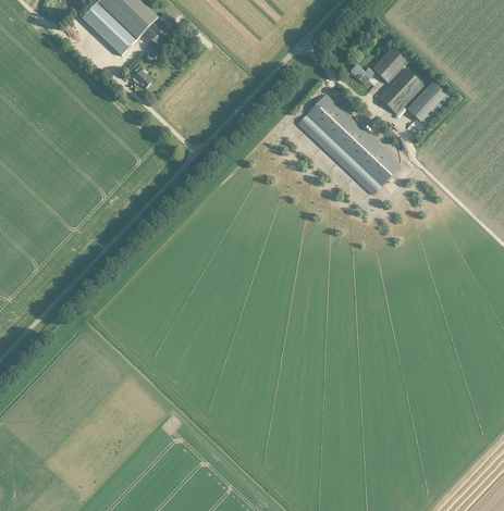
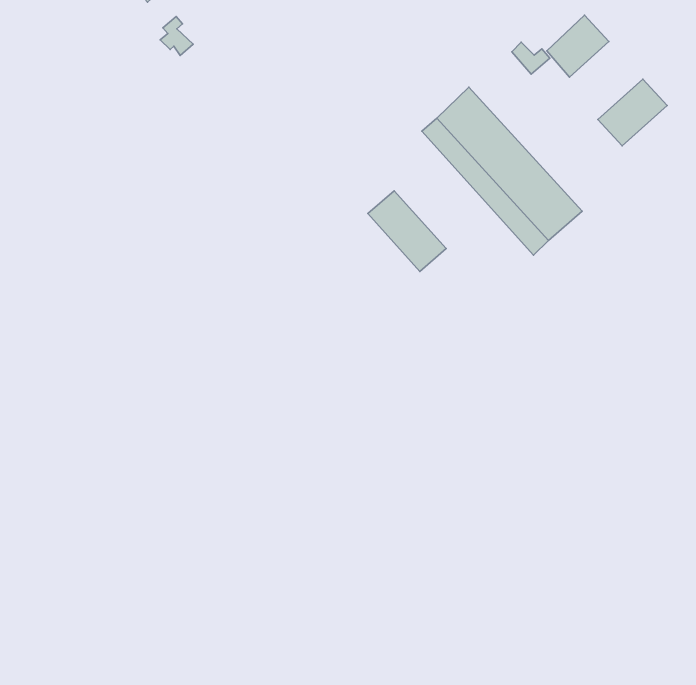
building: [377,68,422,114] -> none
building: none -> [368,191,446,271]

